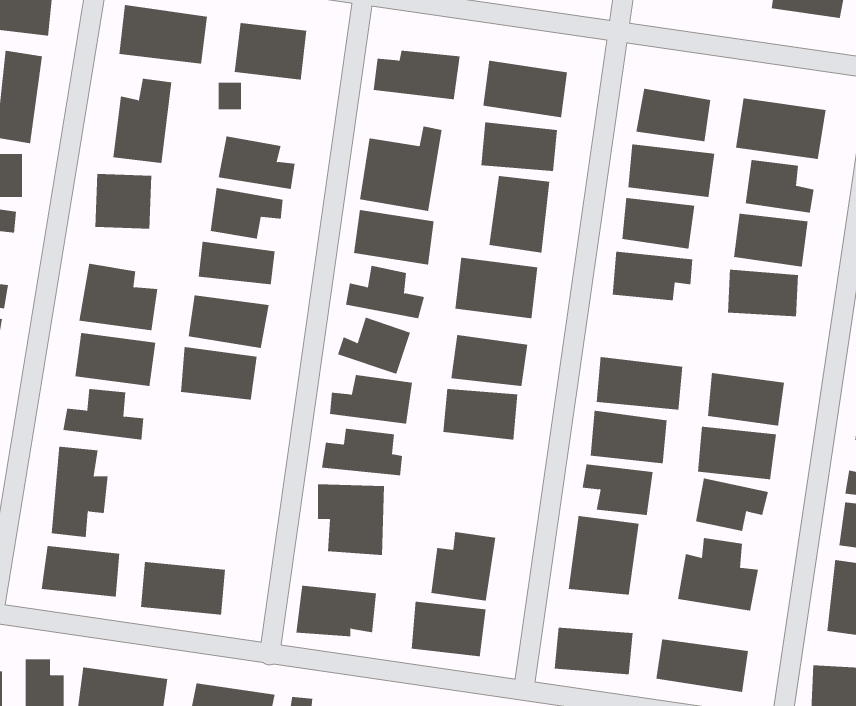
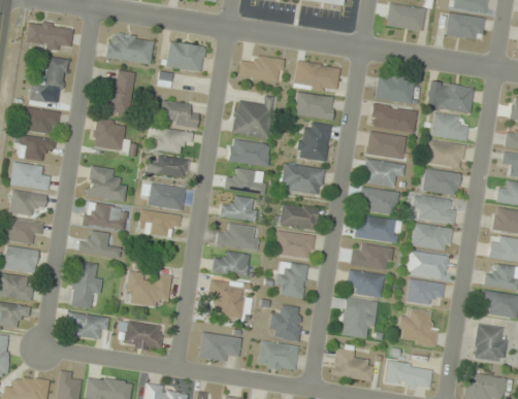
building: none -> [358,186,398,215]
building: none -> [411,193,456,225]
building: none -> [274,261,307,298]
building: none -> [125,270,170,307]

